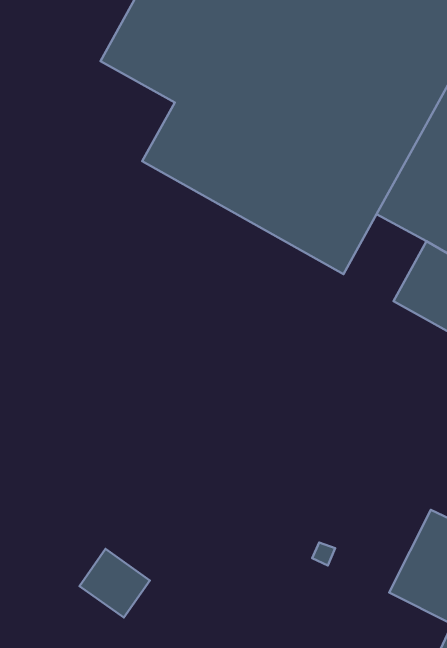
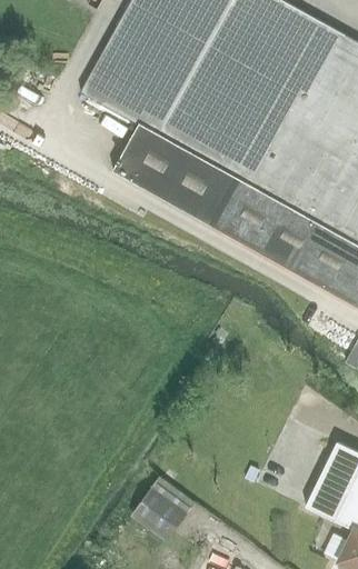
building: none -> [268,210,332,278]
building: [80,549,150,618] -> [131,487,186,540]

